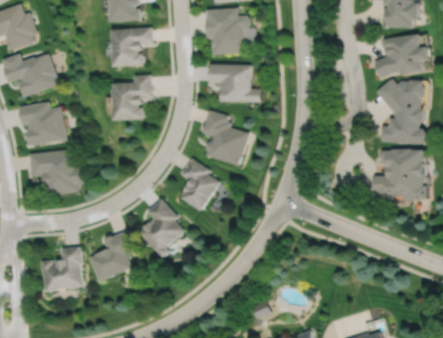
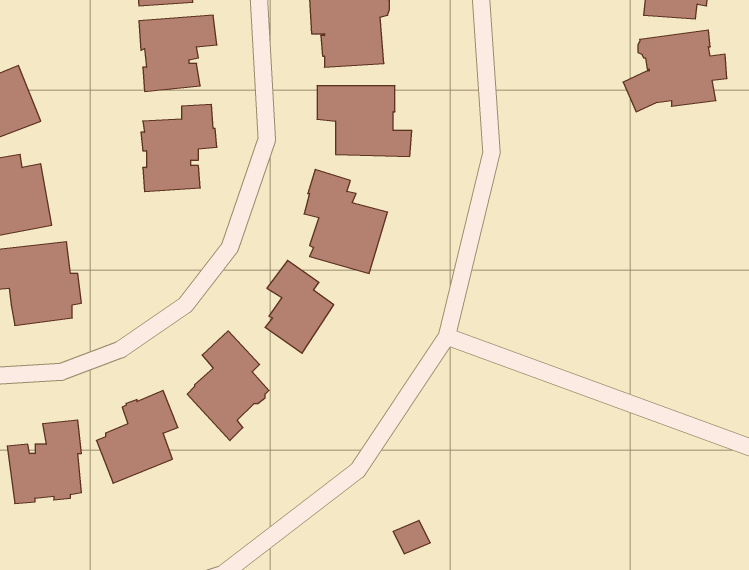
building: [375,79,427,146] -> none
building: [373,150,427,198] -> none

